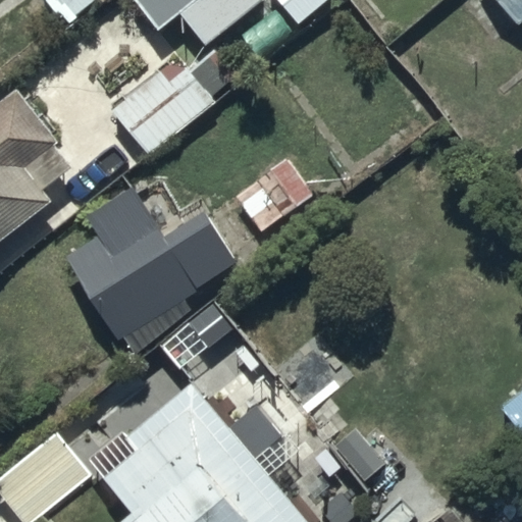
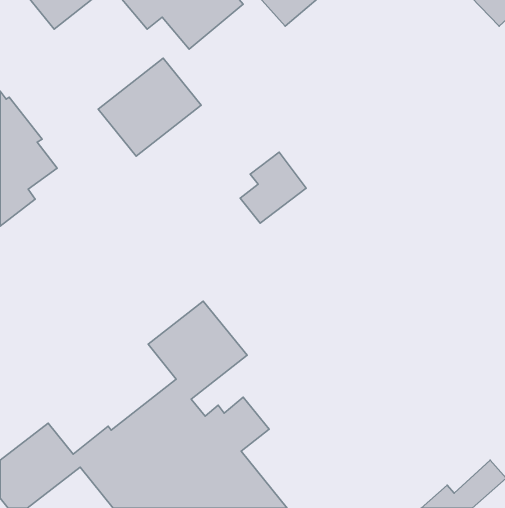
building: [69,171,243,348] -> none

